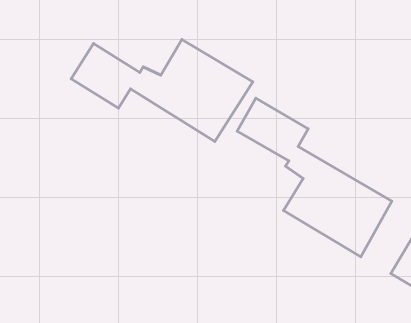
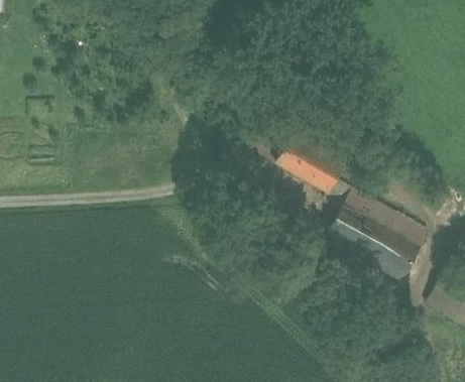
building: [71,39,253,141] -> none

